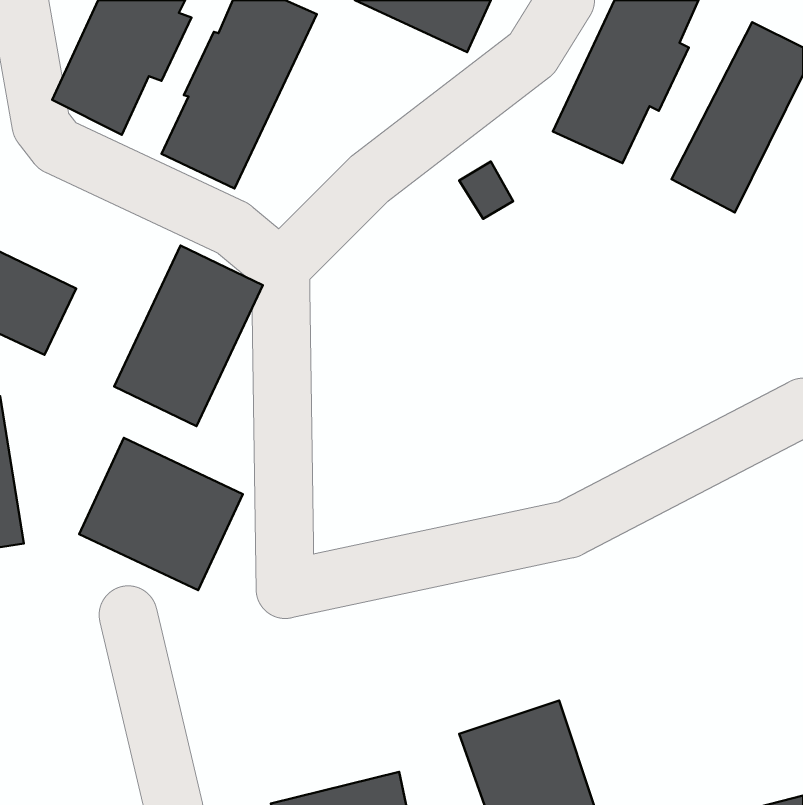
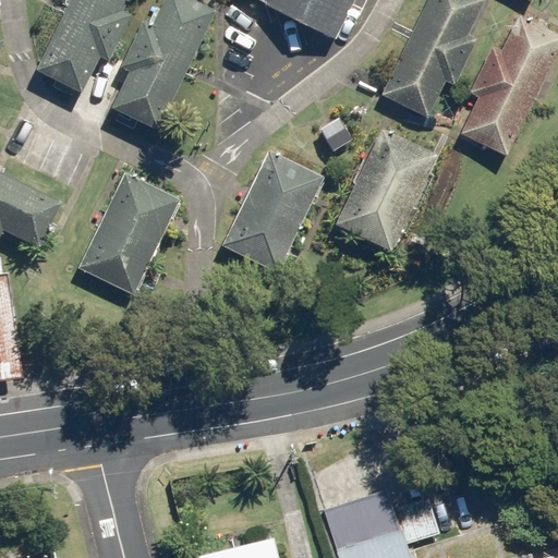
building: none -> [337,128,438,250]
building: none -> [223,149,327,271]
building: [79,438,243,590] -> none

